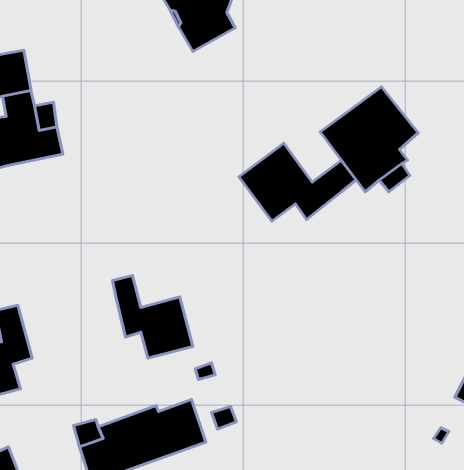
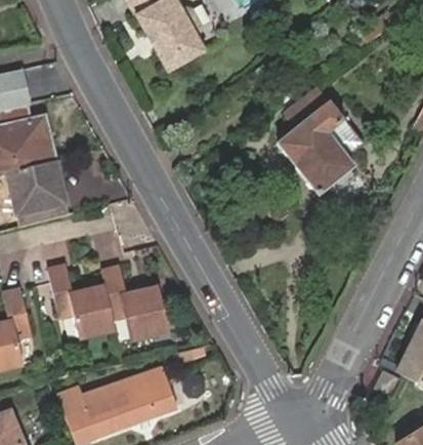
building: [239,143,356,221] -> none
building: none -> [6,160,66,226]
building: none -> [42,268,113,339]

